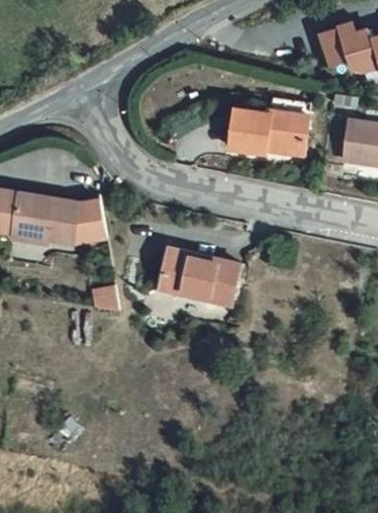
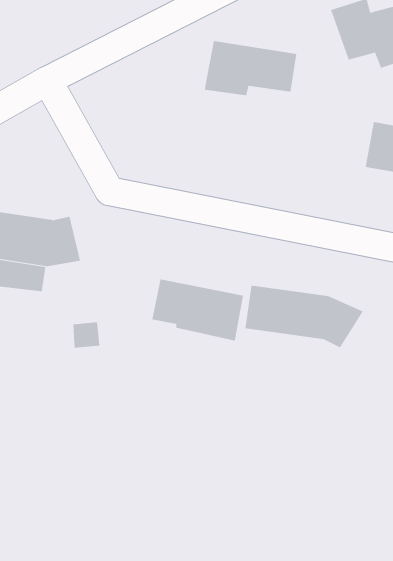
building: [226,106,305,153] -> [204,41,297,96]
building: none -> [245,285,364,348]

